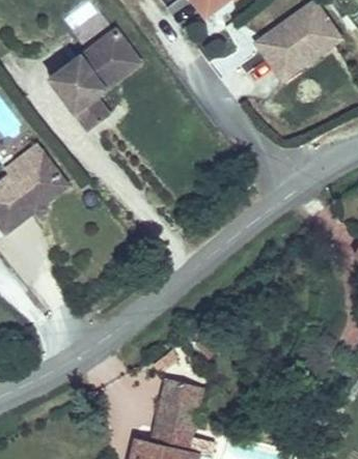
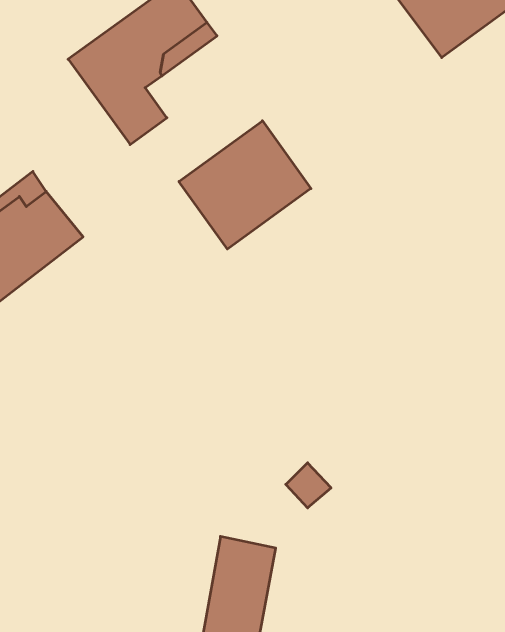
building: none -> [179,121,311,249]

